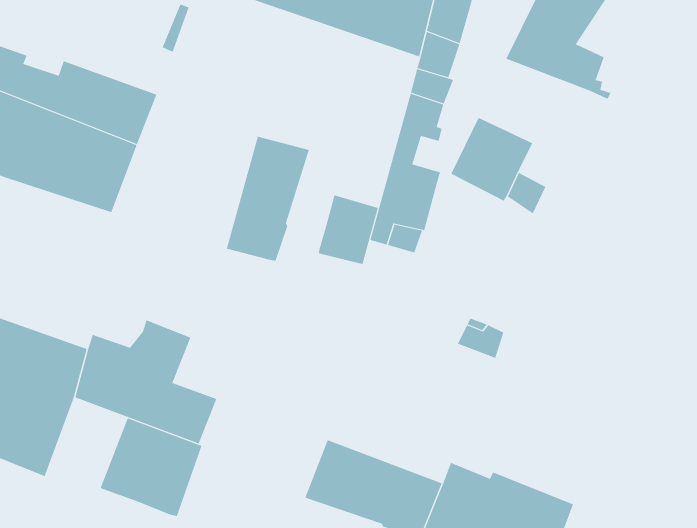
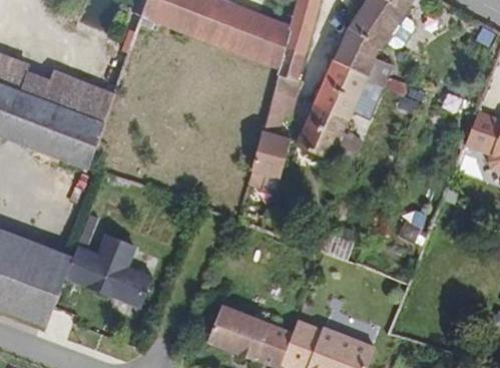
building: none -> [314,69,383,121]
building: [226,136,309,261] -> none
building: [318,194,379,265] -> none
building: [100,417,202,517] -> none

